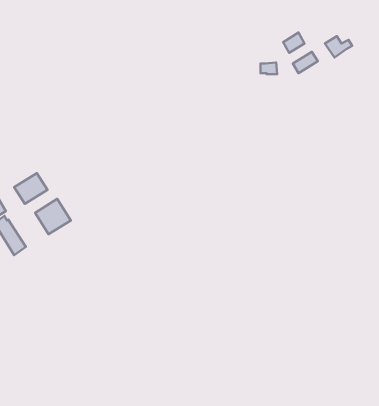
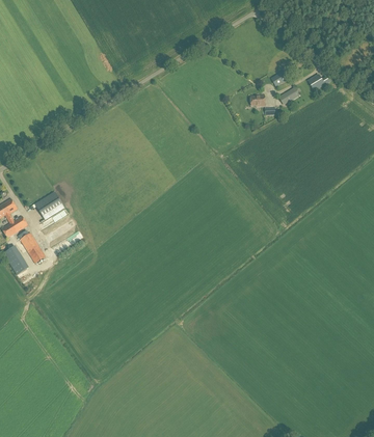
building: [35,199,71,234] -> none

